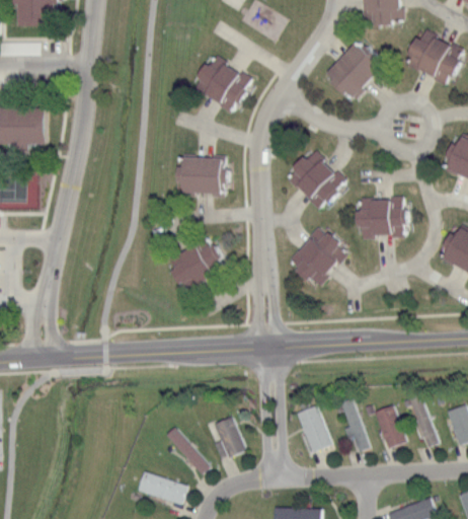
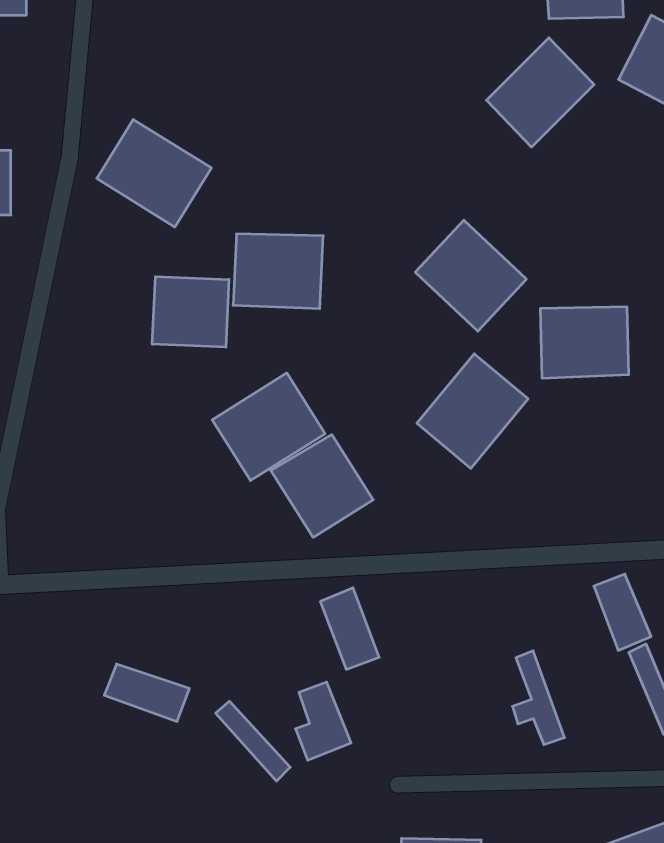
building: [188,51,255,114] -> [97,119,211,227]
building: none -> [152,277,229,347]
building: none -> [271,435,373,537]
building: [296,404,330,452] -> [320,588,379,669]
building: [374,404,407,449] -> [594,574,651,650]
building: [137,470,186,504] -> [104,664,189,721]

